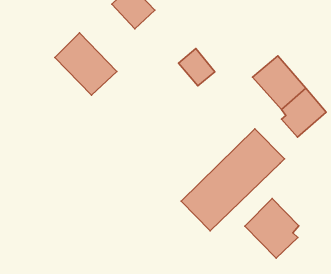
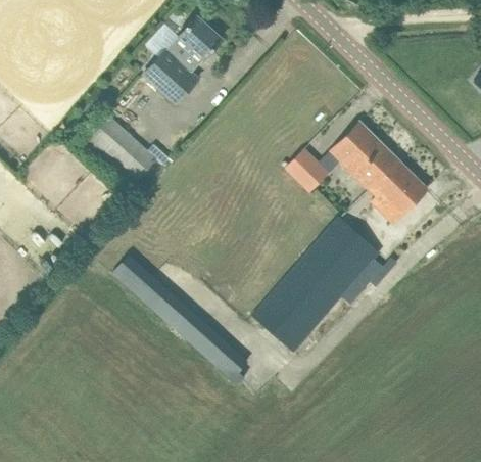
building: [179,49,215,86] -> [284,146,331,193]
building: none -> [112,255,248,385]
building: [245,199,299,258] -> none

